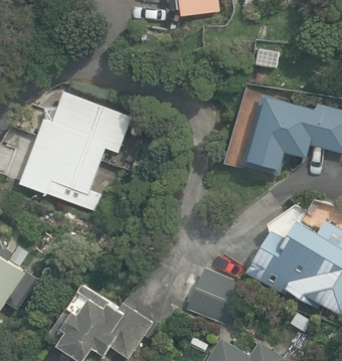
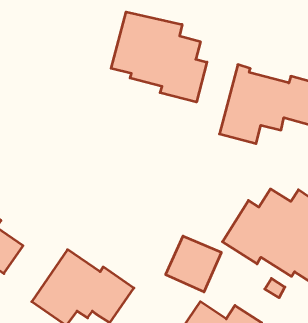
building: none -> [111,12,207,102]
building: [18,91,132,211] -> none

